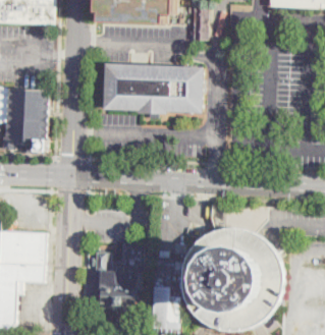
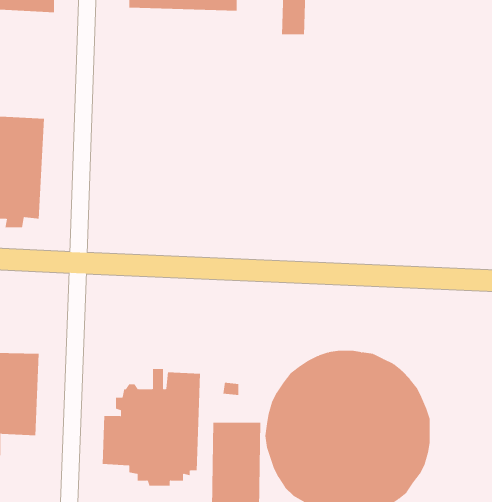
building: [105,63,204,114] -> none

